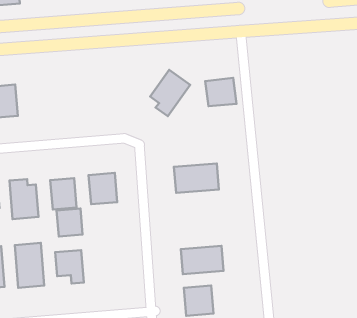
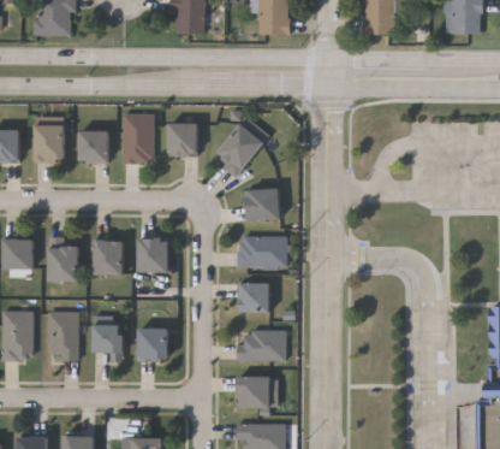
building: none -> [123,114,153,163]
building: none -> [169,124,198,156]
building: [205,78,237,106] -> [246,189,280,219]
building: none -> [81,131,108,163]
building: none -> [240,283,270,312]
building: [57,208,83,236] -> [139,329,167,359]

